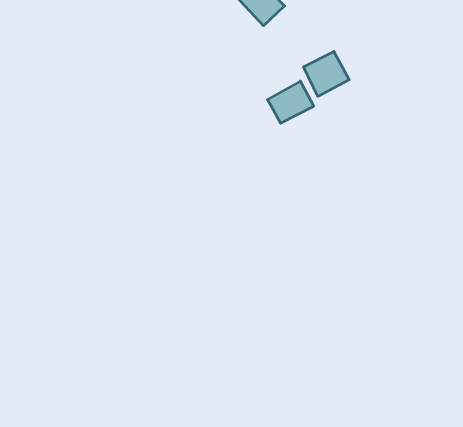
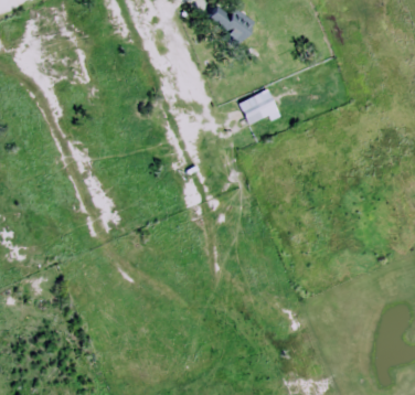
building: [304,51,349,96] -> none

